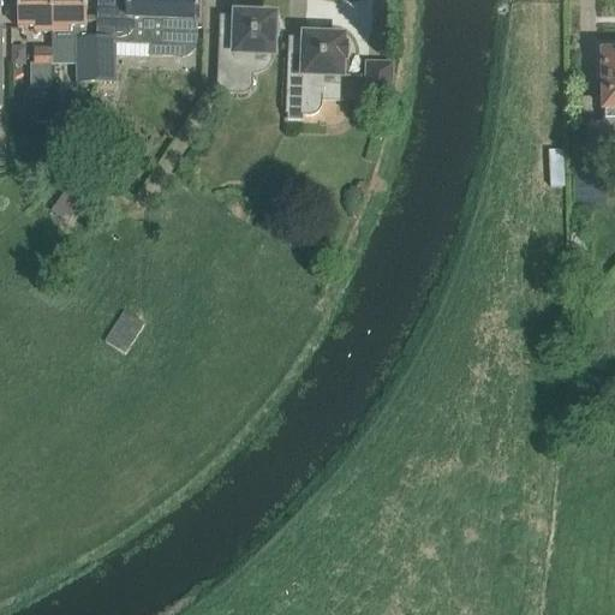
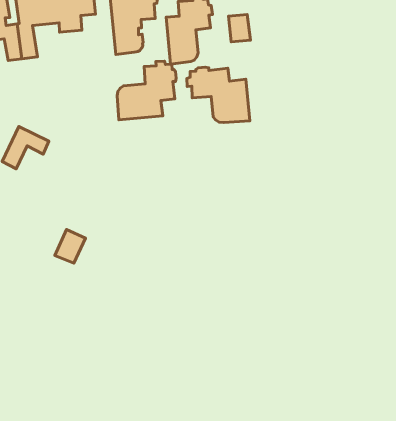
building: none -> [117,61,176,120]
building: none -> [187,67,250,123]

